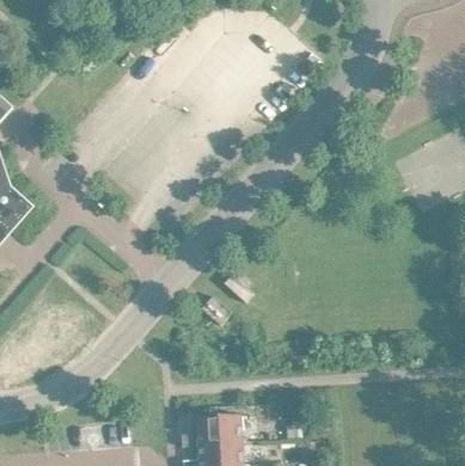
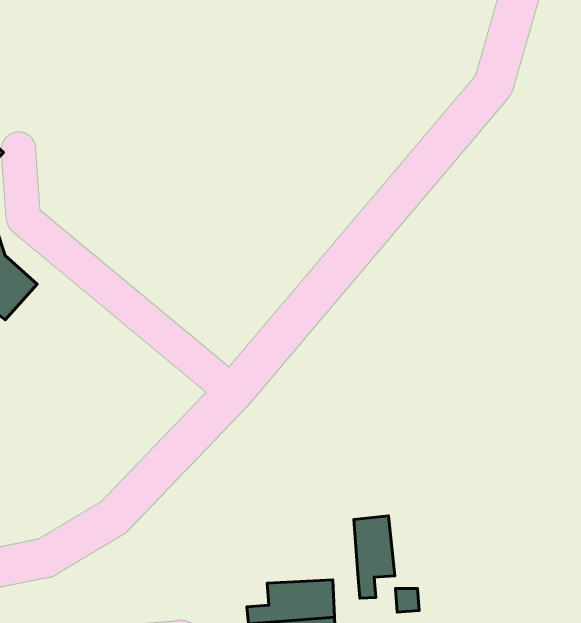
building: none -> [354,516,395,598]

